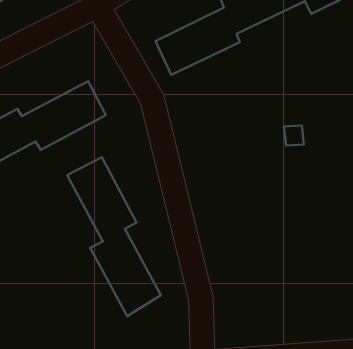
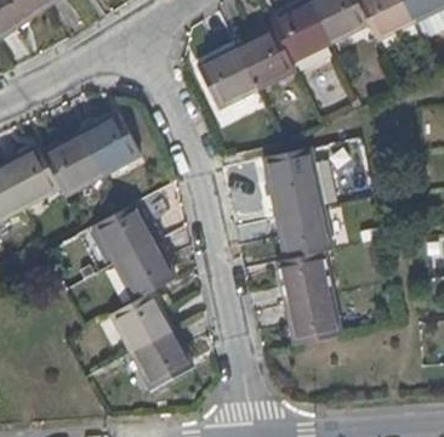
building: none -> [266,151,338,346]

